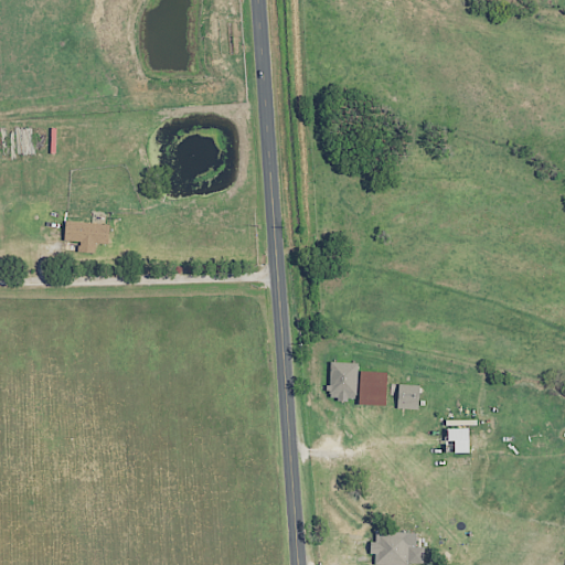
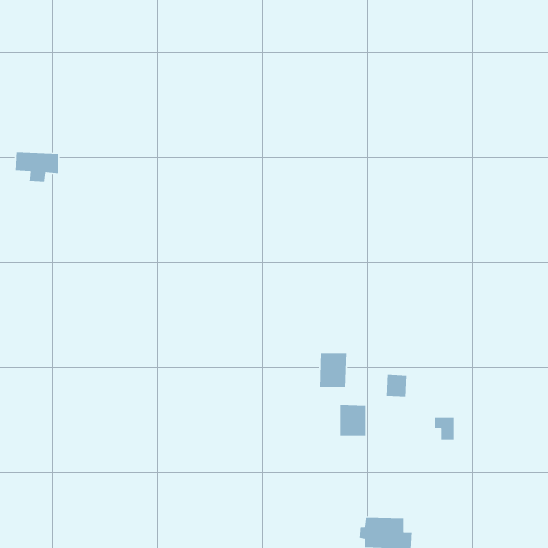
building: [64,222,109,254] -> [15,151,59,183]
building: [359,372,386,405] -> [339,404,366,436]

